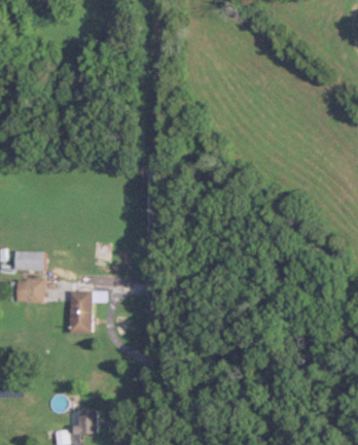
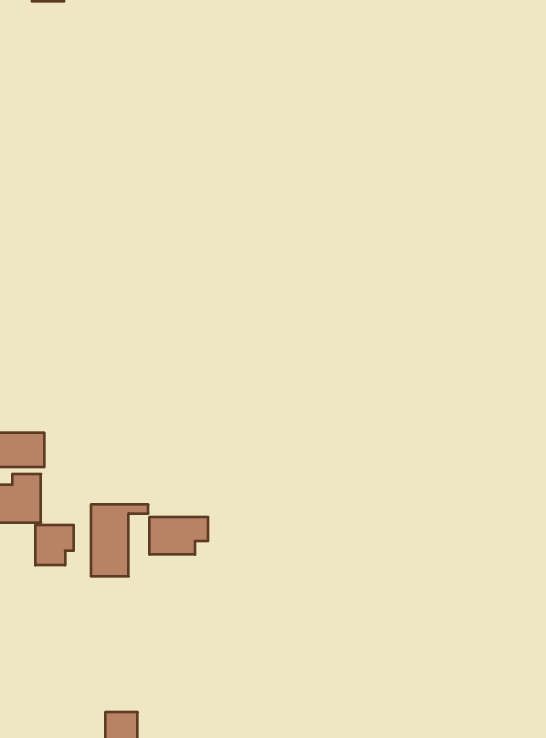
building: none -> [150,517,208,555]
building: none -> [35,525,74,565]

